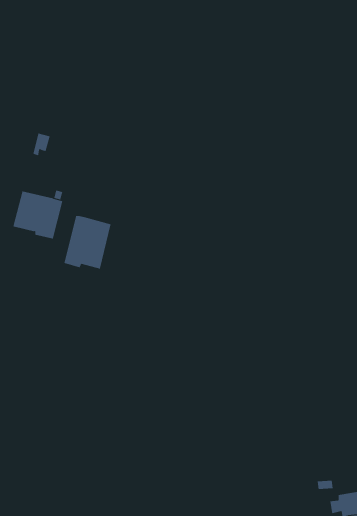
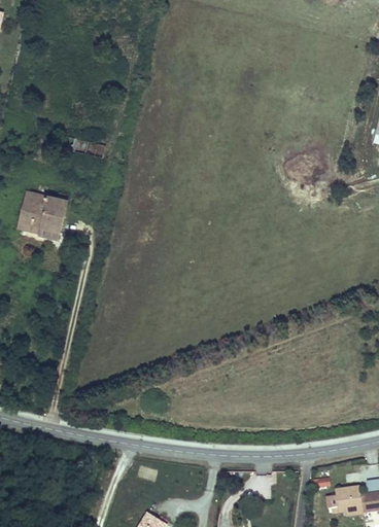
building: [64,215,111,270] -> none

